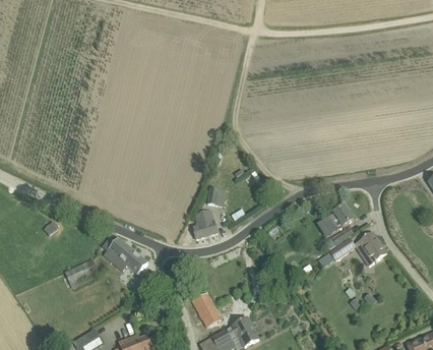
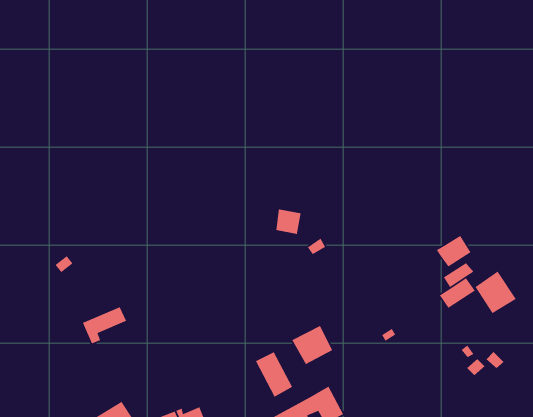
building: [191,210,216,238] -> none
building: [101,235,147,274] -> none
building: none -> [291,325,333,365]

